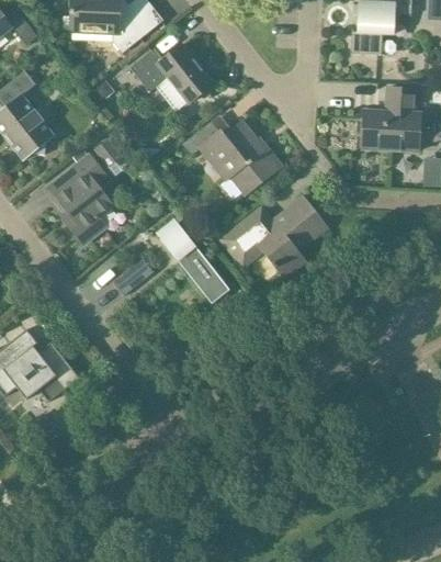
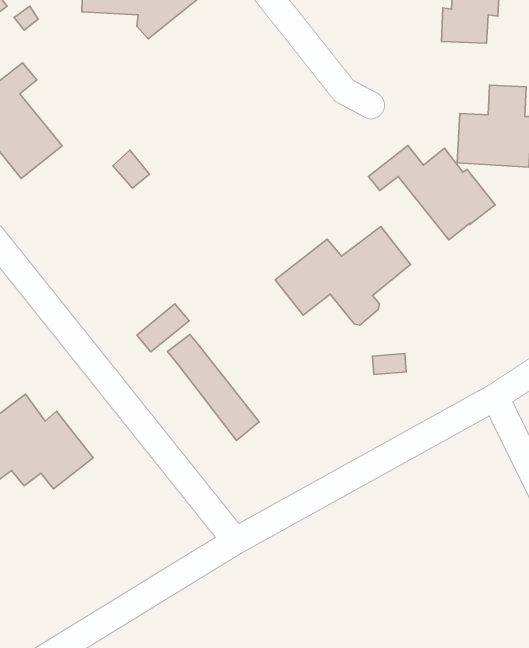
building: [129,43,213,102] -> none
building: [182,119,281,192] -> [368,145,495,240]
building: [56,154,112,244] -> none
building: [158,221,229,303] -> [167,335,259,440]

